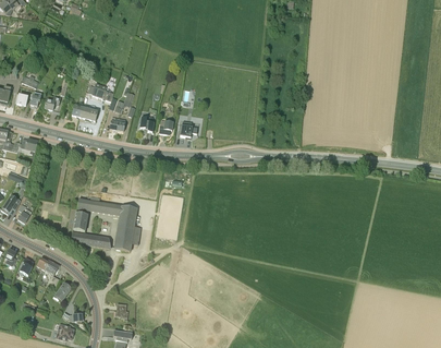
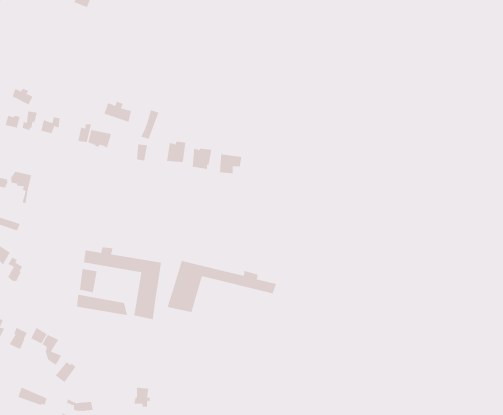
building: none -> [167,260,277,313]

